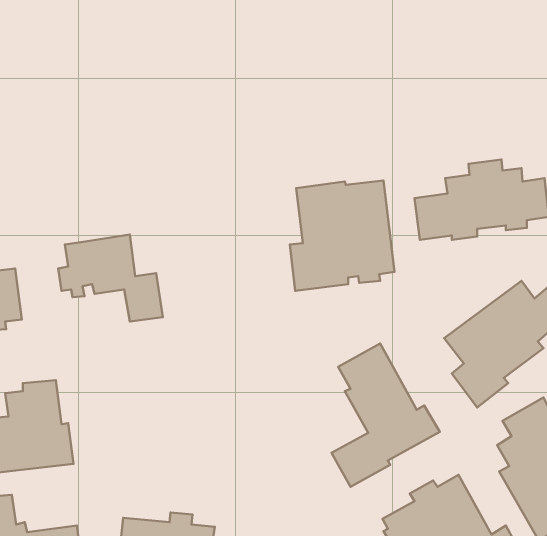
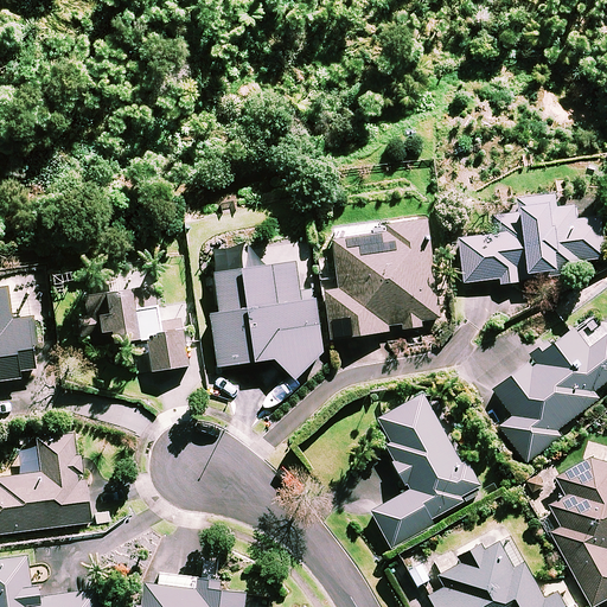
building: none -> [211,245,320,378]

